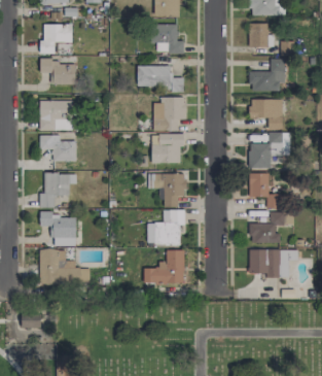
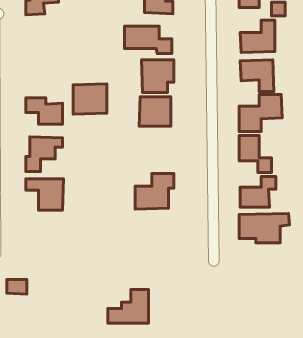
building: [40,58,76,84] -> none
building: [40,100,73,130] -> [73,84,107,114]
building: [153,173,186,207] -> none
building: [40,248,90,283] -> none
building: [144,249,184,282] -> [108,290,149,323]

